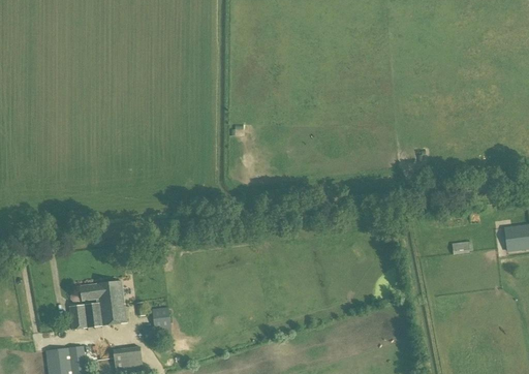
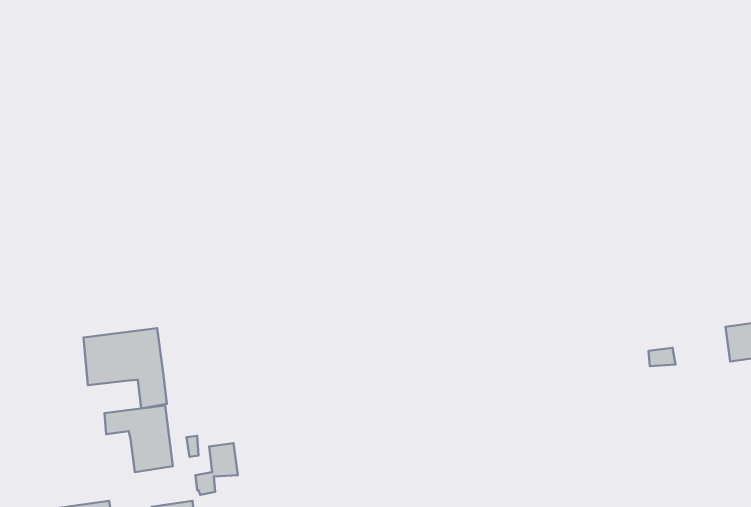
building: none -> [84,328,167,408]
building: [68,303,100,329] -> none

